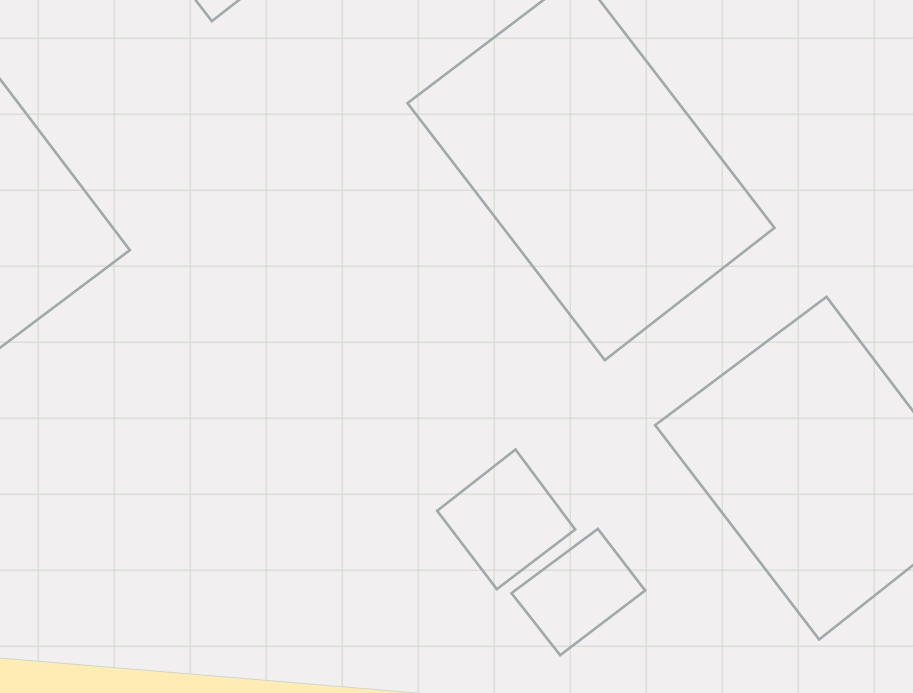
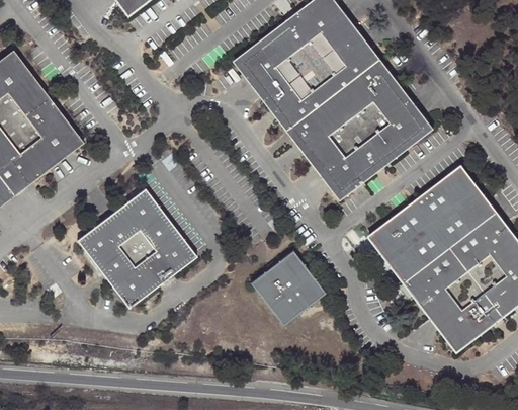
building: none -> [78,188,197,308]
building: [511,529,645,655] -> none

